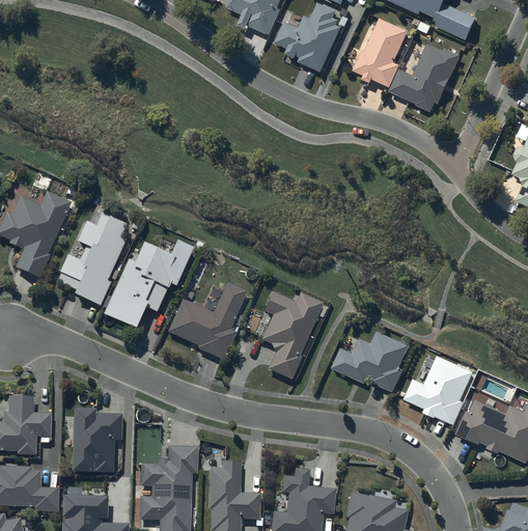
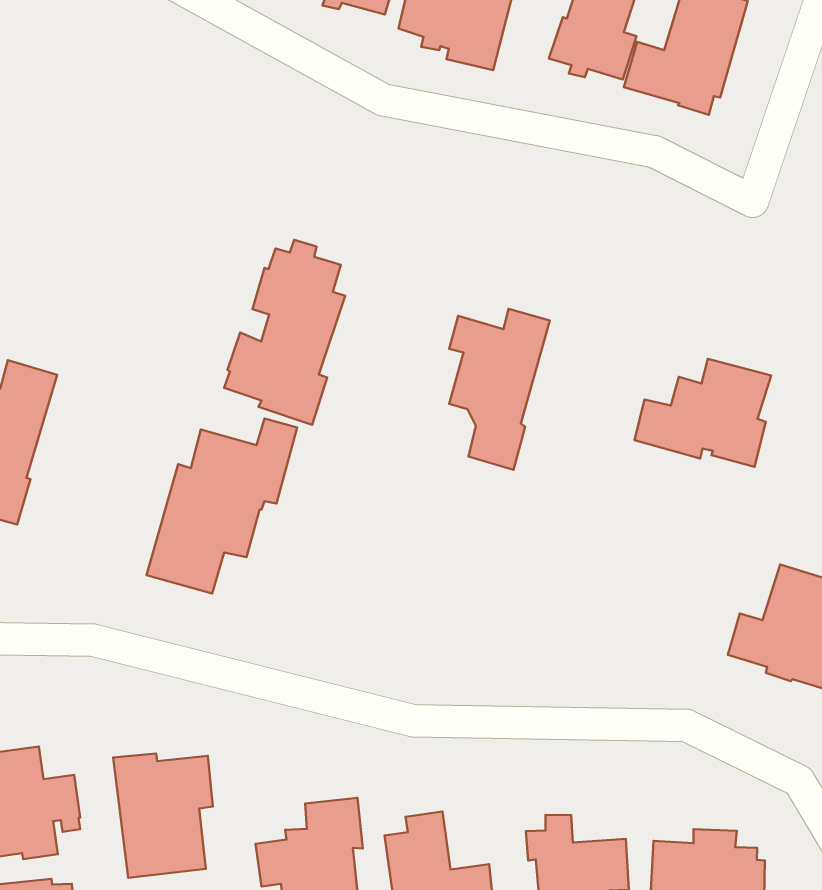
building: [57,207,128,306] -> [224,240,345,425]
building: [168,282,247,359] -> none
building: [262,294,322,379] -> [449,309,550,470]
building: [332,331,409,391] -> [634,359,771,467]

